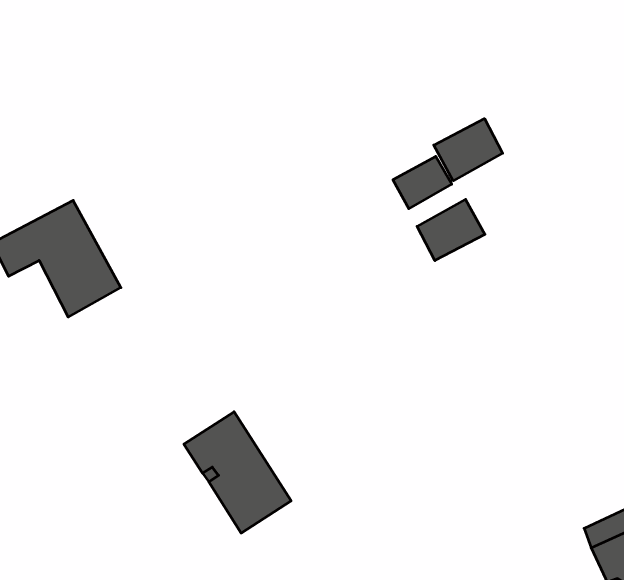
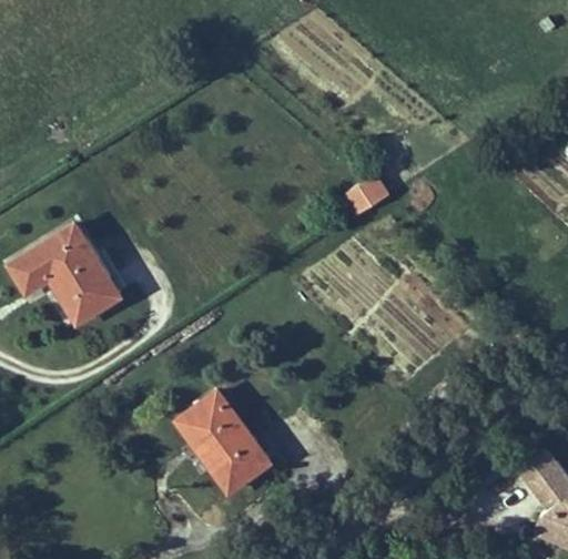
building: [434,119,503,181] -> none
building: [417,199,485,261] -> none

